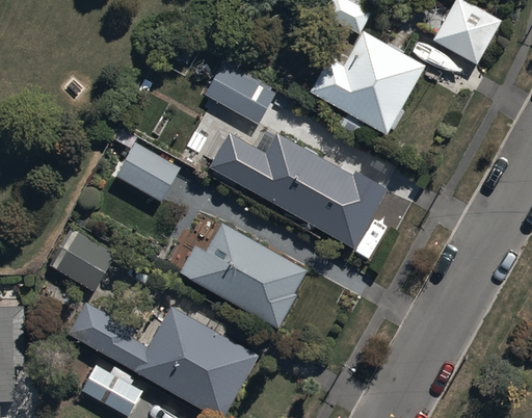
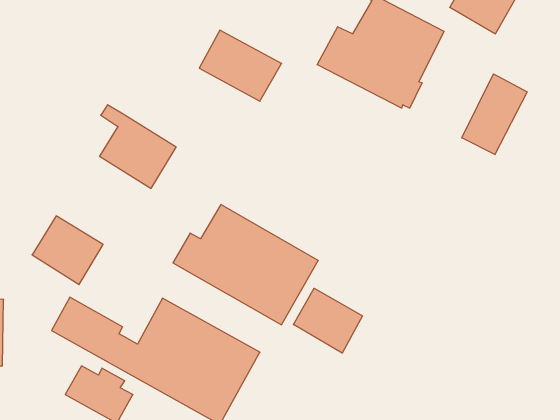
building: none -> [462,74,527,155]
building: [203,129,389,250] -> none
building: none -> [293,288,363,353]

